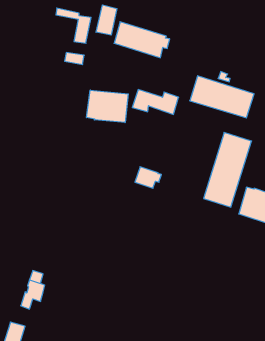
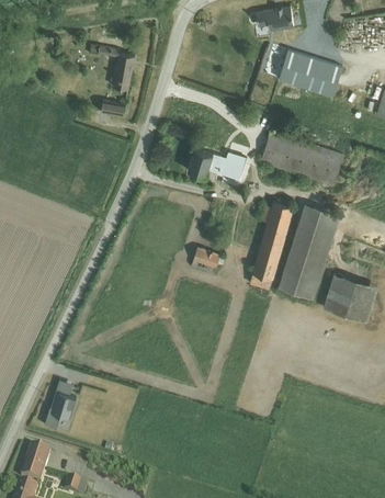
building: [96,5,117,35] -> none
building: [114,22,170,58] -> [263,46,335,92]
building: [87,90,128,123] -> none
building: none -> [249,203,293,291]

